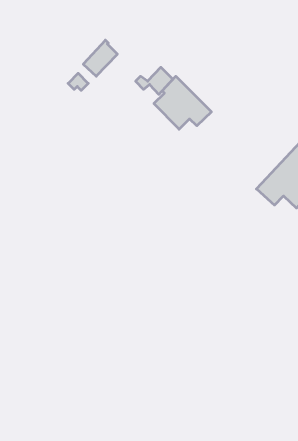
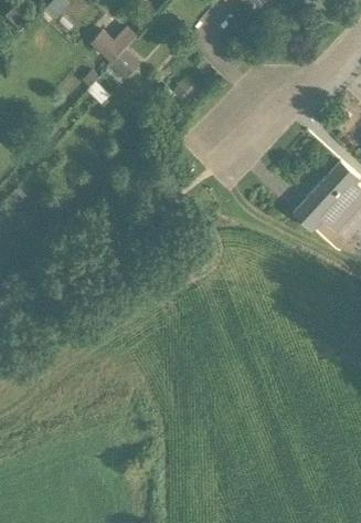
building: none -> [89,25,137,64]
building: [154,76,211,129] -> none

